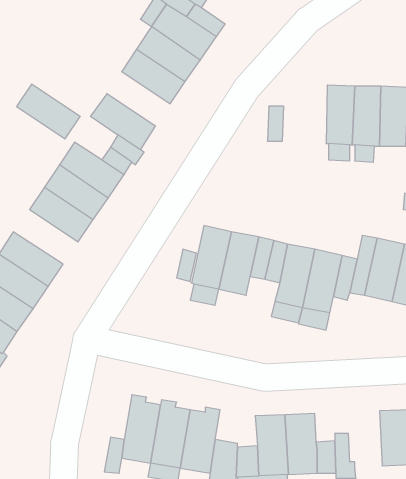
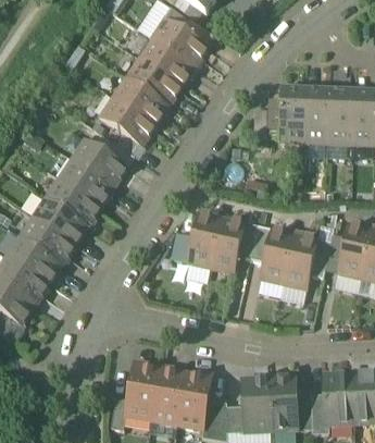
building: none -> [279,87,305,139]
building: [17,84,80,139] -> [113,76,168,124]
building: none -> [32,197,88,245]
building: none -> [324,373,353,422]

